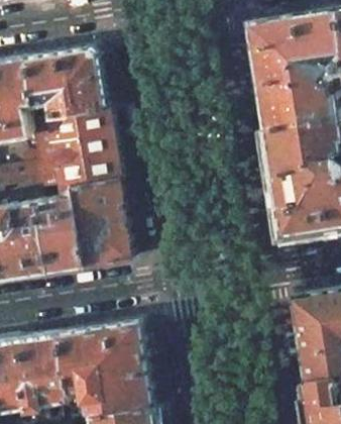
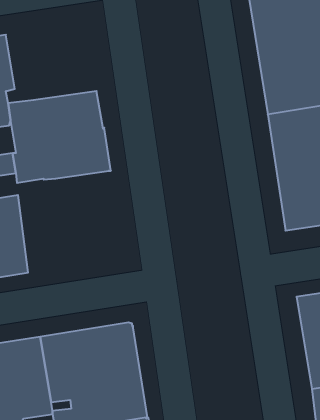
building: [24,47,108,117] -> none
building: [35,182,130,275] -> none

